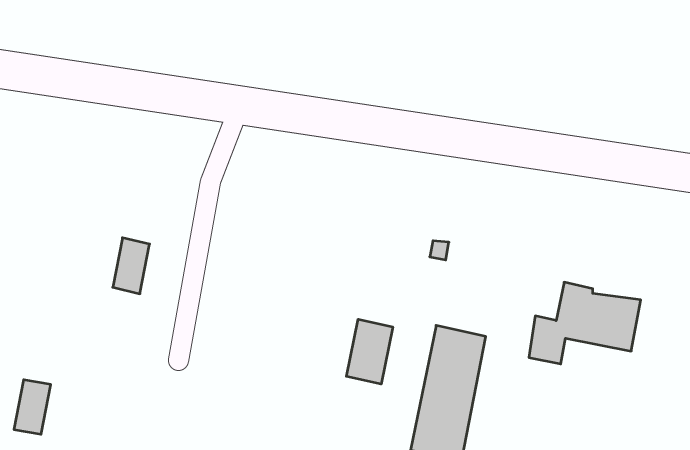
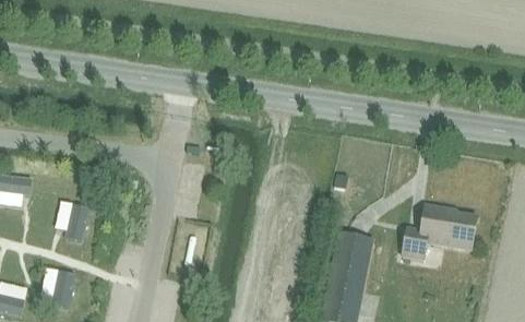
building: [113,238,150,294] -> [64,203,90,241]
building: [346,319,393,384] -> none

